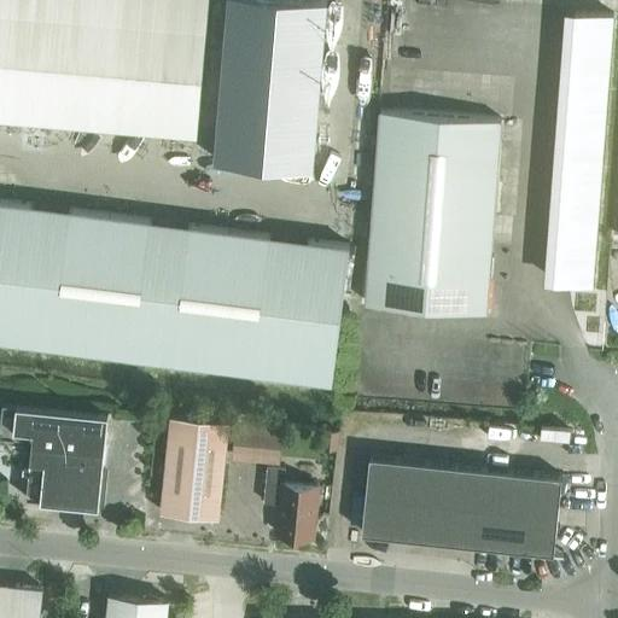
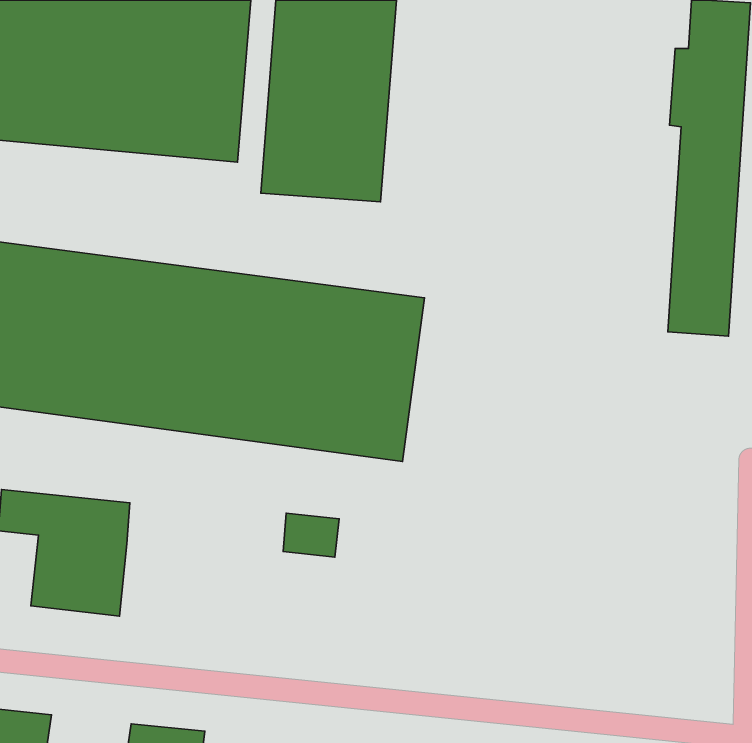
building: [365,116,500,317] -> none
building: [159,422,228,524] -> none
building: [361,462,560,559] -> none
building: [263,472,316,543] -> none

